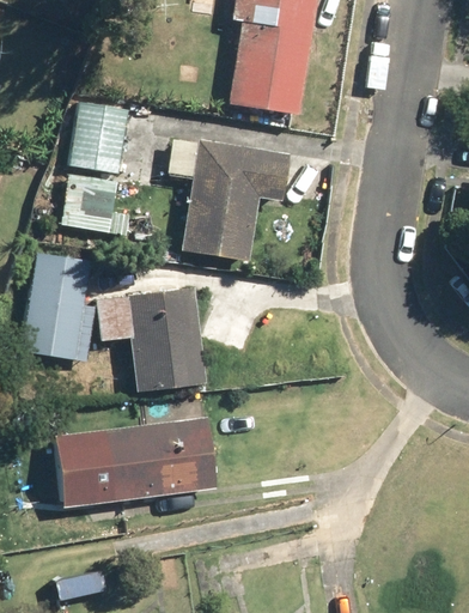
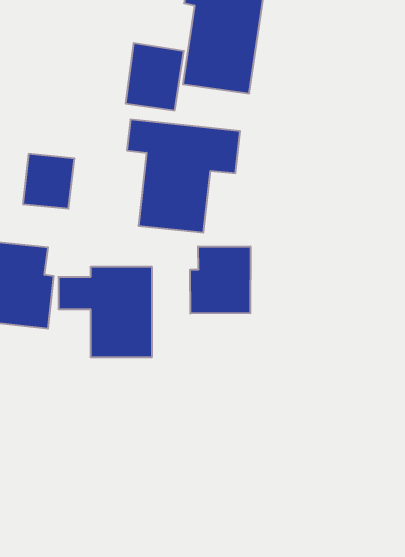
building: [67,102,128,172] -> [126,43,184,110]
building: none -> [190,246,250,314]
building: [59,418,209,508] -> none

